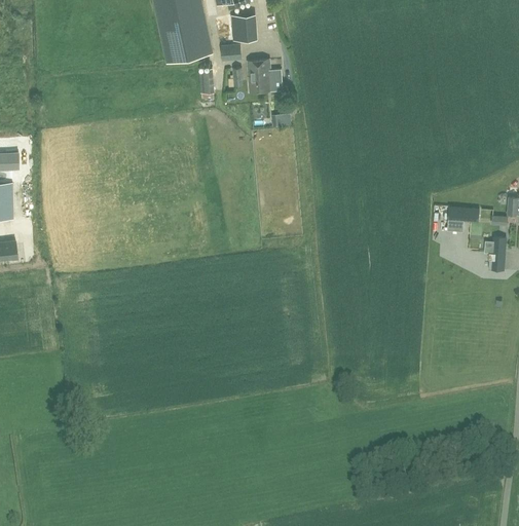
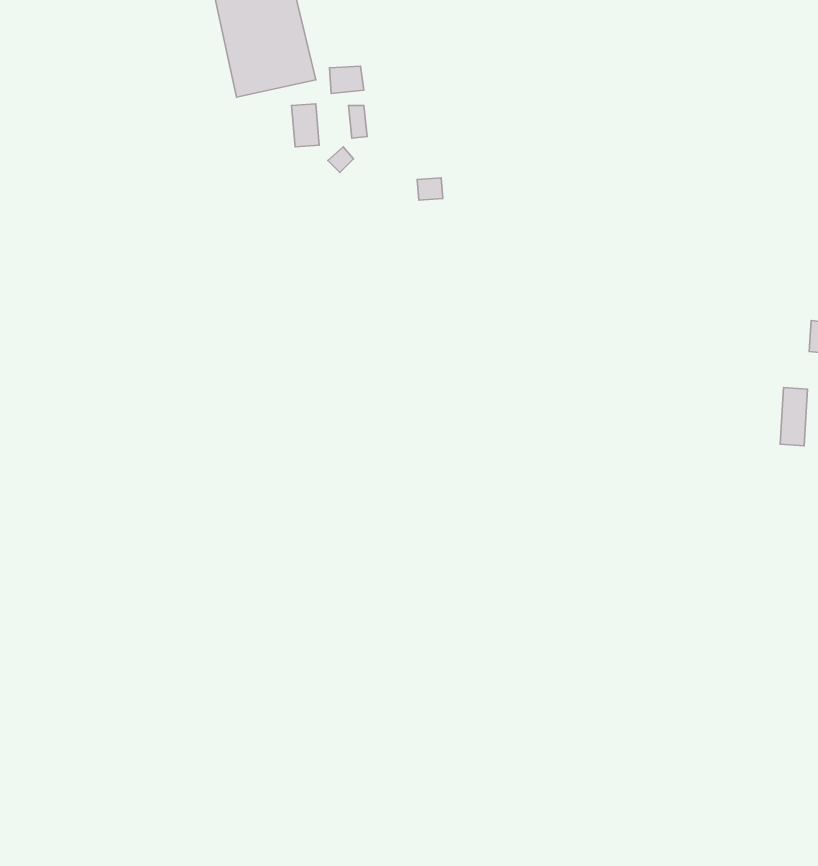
building: [231,14,256,42] -> none
building: [247,60,275,93] -> none
building: [447,206,480,224] -> none

